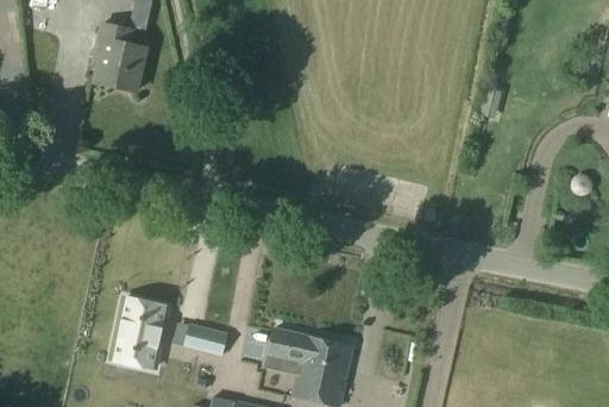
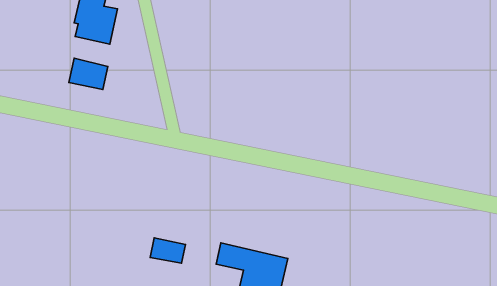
building: none -> [69,58,108,90]
building: [113,299,168,368] -> none

